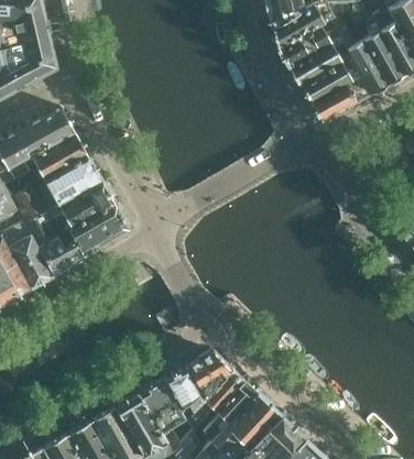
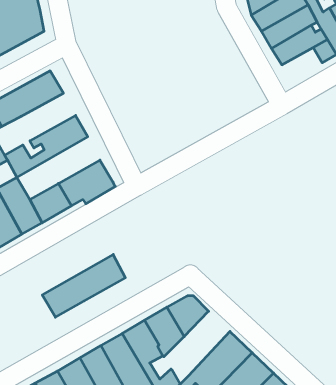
building: [313,84,357,120] -> none
building: [30,133,89,185] -> none
building: [25,181,116,249] -> [42,254,125,317]
building: [185,370,257,440] -> none

